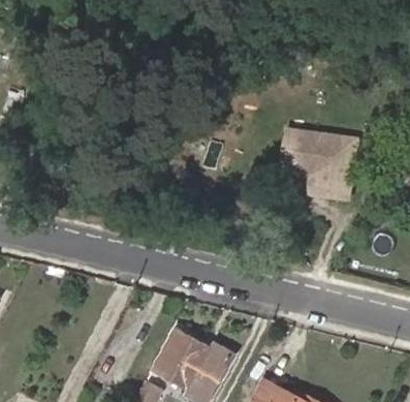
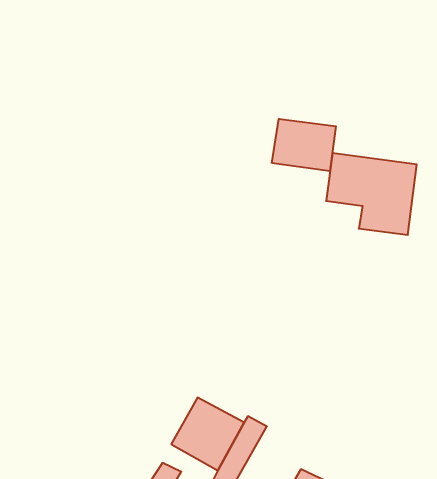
building: none -> [272,119,336,171]

